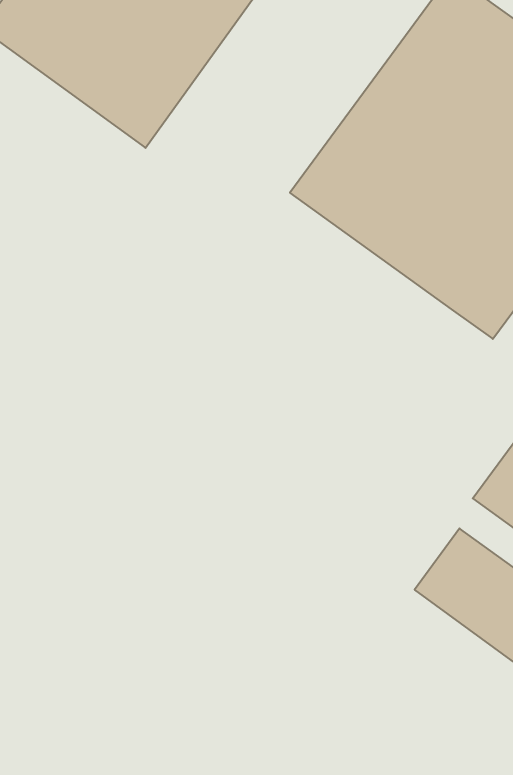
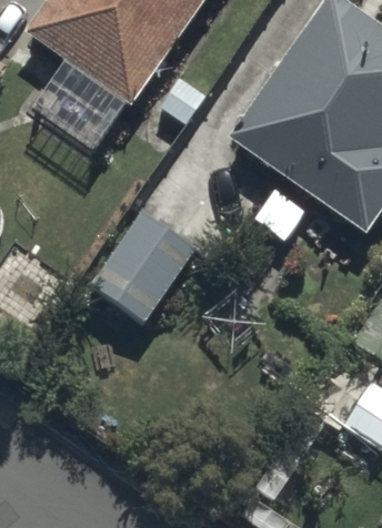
building: none -> [78,201,202,328]

